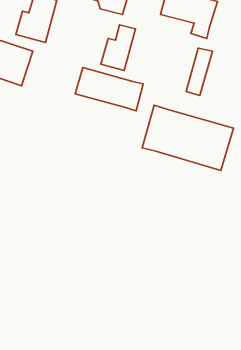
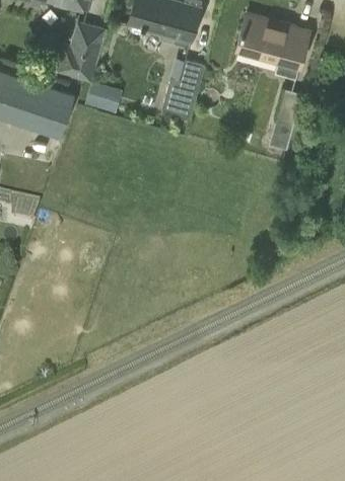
building: none -> [86,80,122,109]
building: [75,67,143,111] -> none
building: [142,105,233,170] -> none

